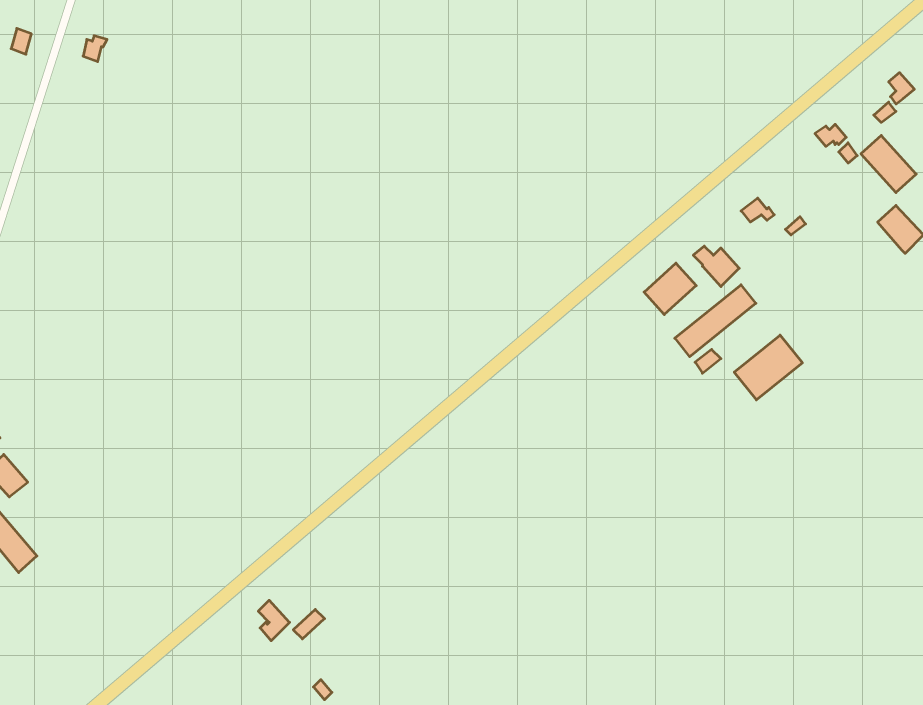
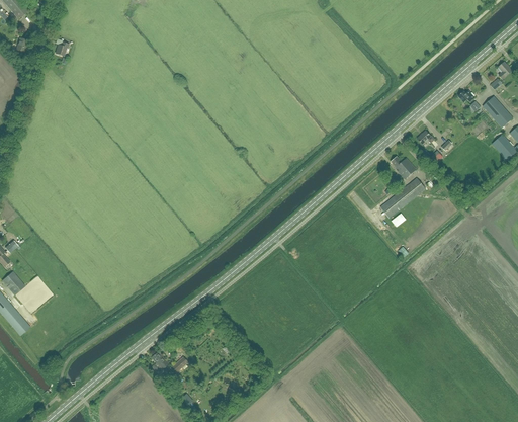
building: [644,263,696,315] -> none
building: [734,335,802,400] -> none

